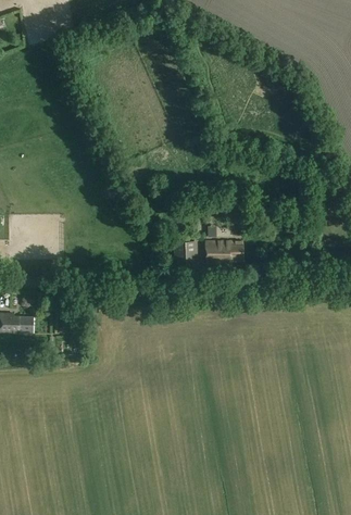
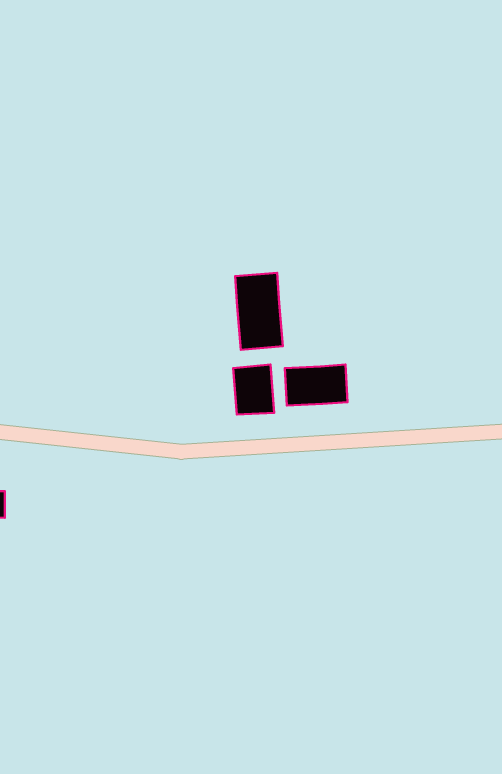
building: none -> [235,273,283,350]

